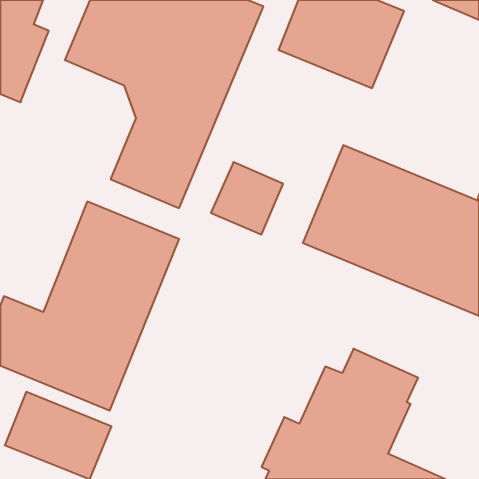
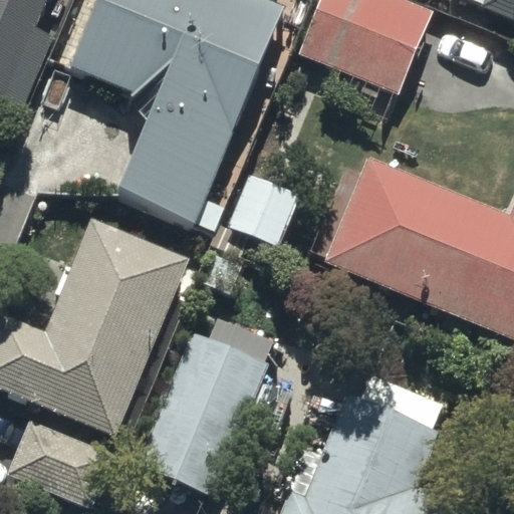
building: none -> [139,333,269,502]

